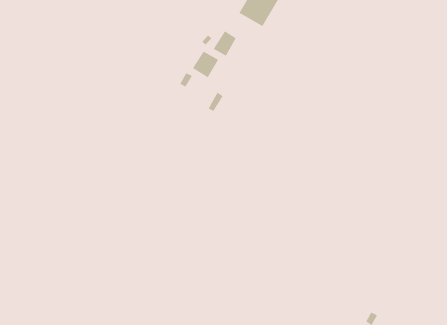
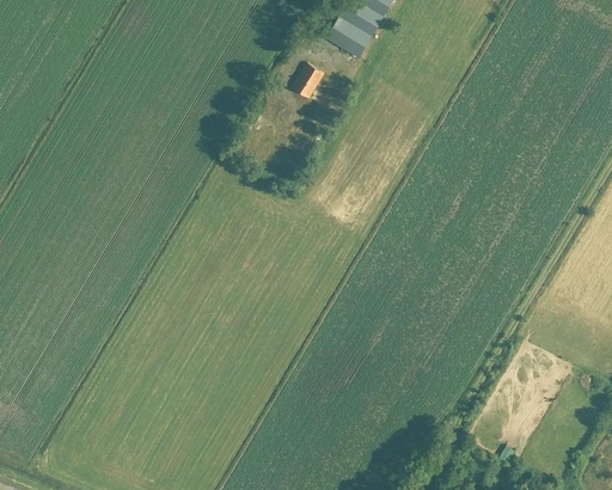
building: [192,51,219,78] -> none

